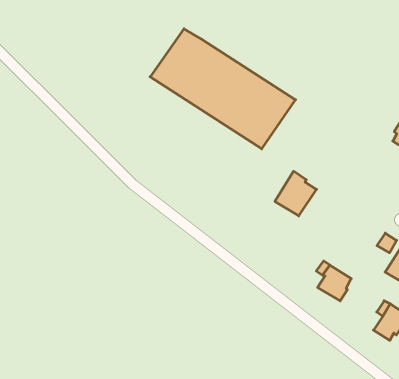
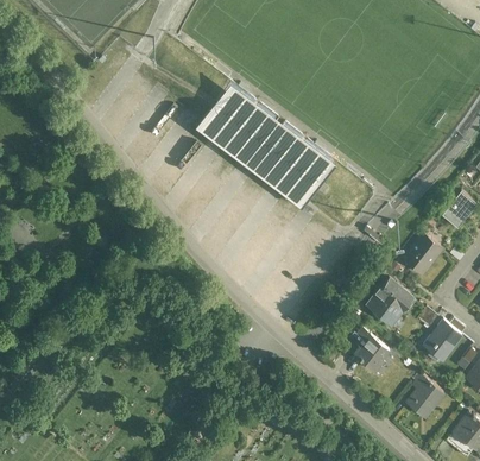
building: none -> [403,234,440,272]
building: [275,171,317,216] -> [366,279,409,324]

